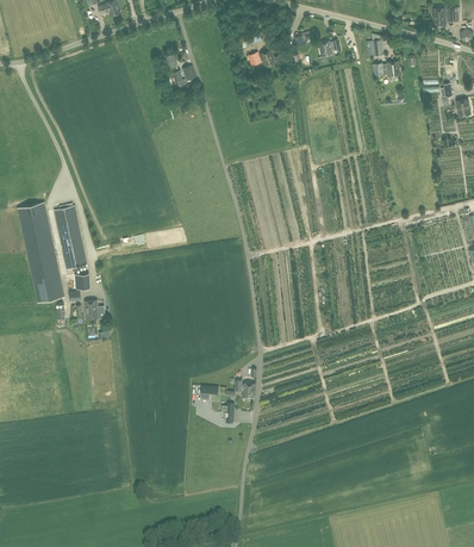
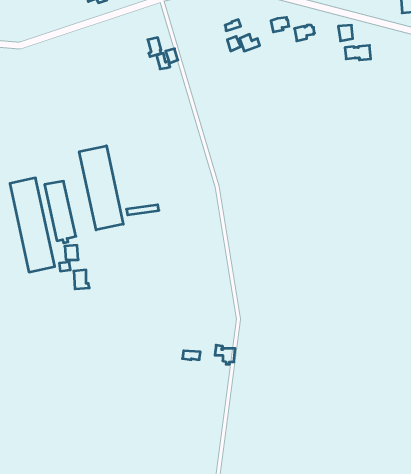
building: none -> [79,146,123,230]

